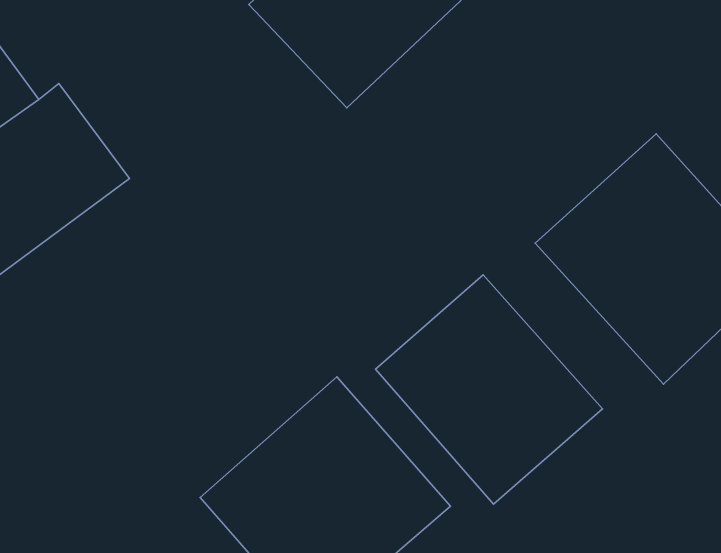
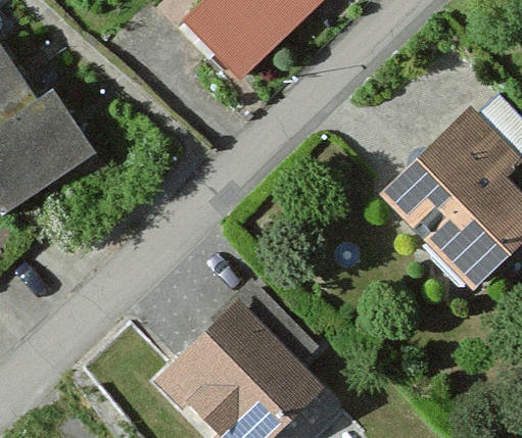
building: [376,275,602,504] -> none

